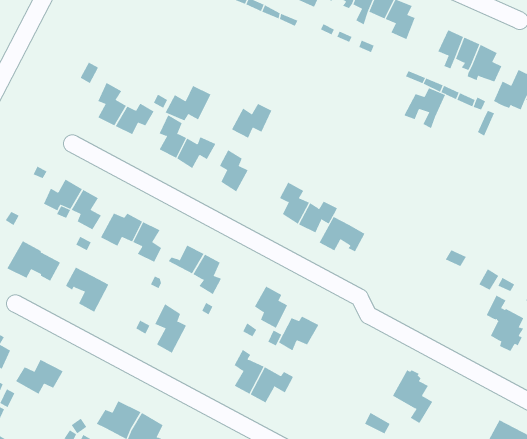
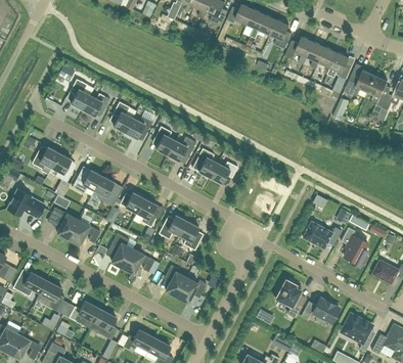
building: [165,85,211,121] -> none
building: [403,88,446,129] -> [284,37,314,65]
building: [231,103,272,138] -> [167,137,195,162]
building: [319,216,365,252] -> none
building: none -> [68,220,100,244]
building: none -> [302,221,341,248]
building: [278,316,319,351] -> [159,215,187,239]
building: none -> [122,248,154,274]
building: none -> [36,280,63,311]
building: none -> [301,299,339,322]

